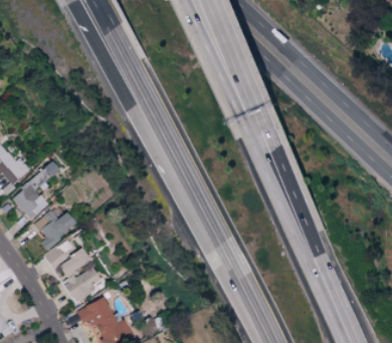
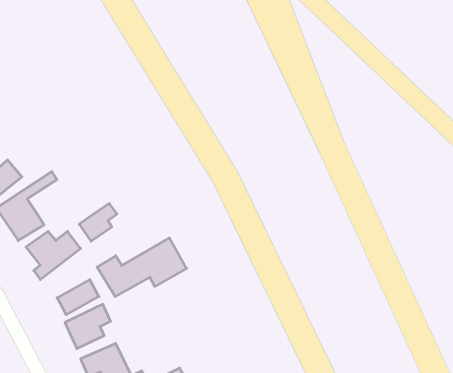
building: none -> [97,238,187,297]
building: [43,241,72,270] -> [79,203,117,241]

